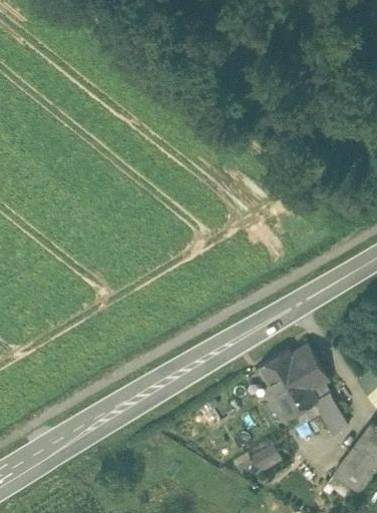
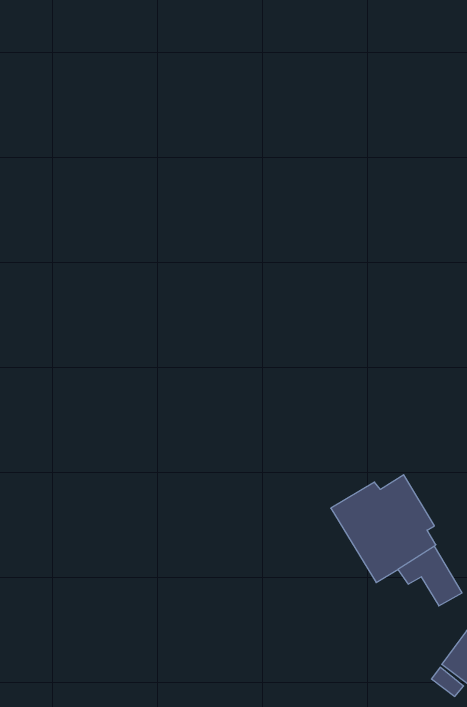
building: [237,447,282,475] -> none

